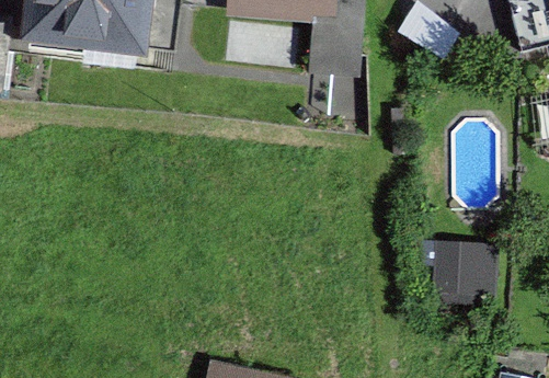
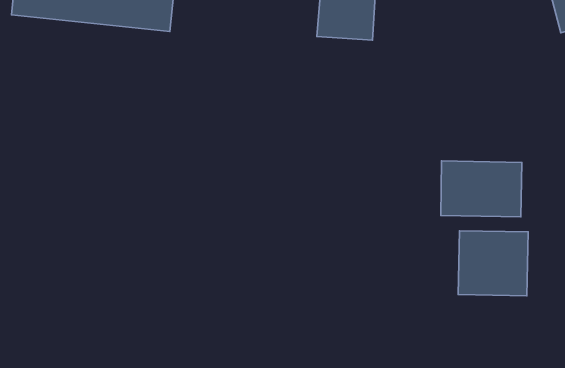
building: none -> [441,161,522,217]

